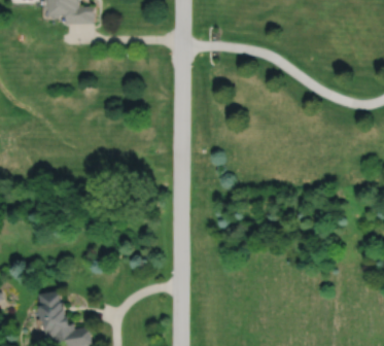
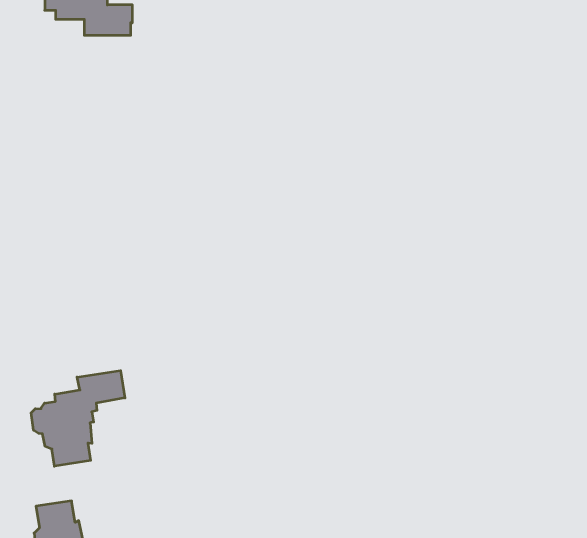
building: none -> [31,371,125,466]

